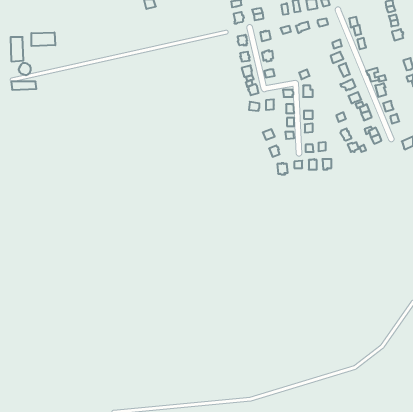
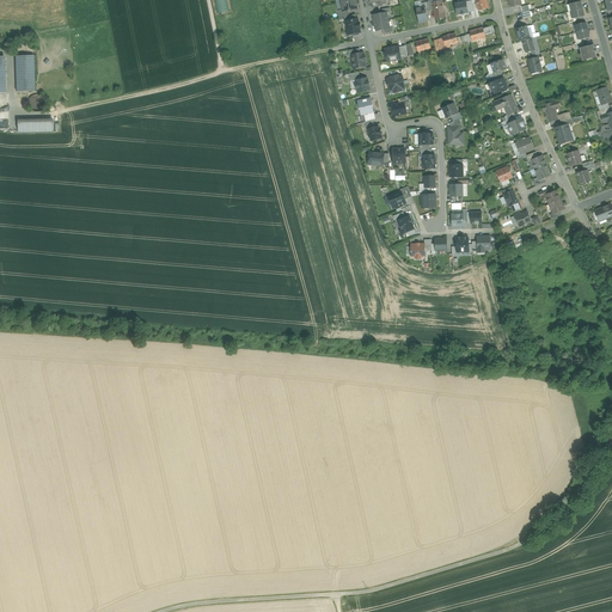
building: [31,32,55,46] -> none

